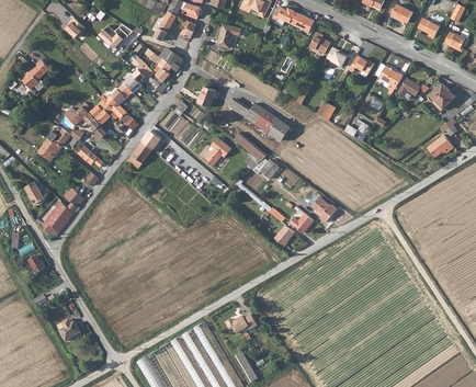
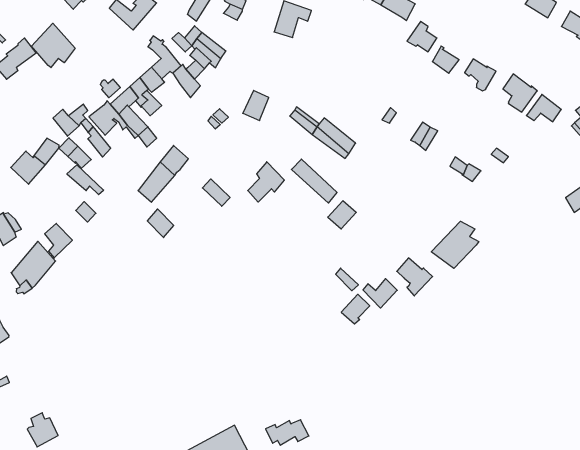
building: none -> [31,23,75,68]
building: none -> [431,221,479,268]

